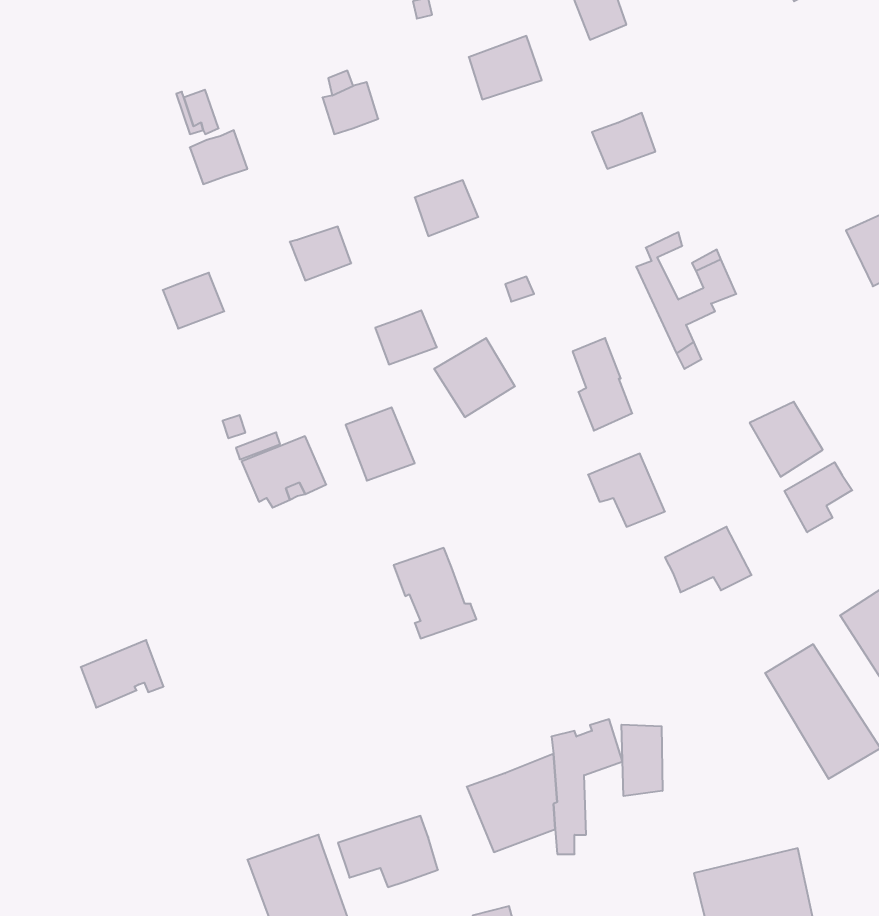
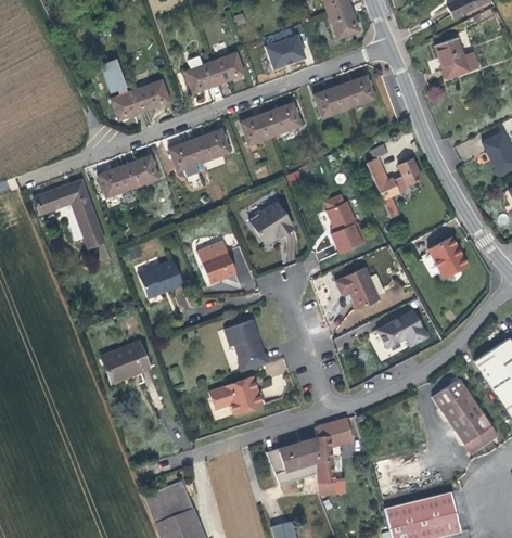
building: none -> [430,38,473,80]
building: none -> [210,50,243,80]
building: none -> [136,78,168,108]
building: none -> [311,88,346,119]
building: none -> [265,105,298,136]
building: none -> [121,157,156,189]
building: none -> [33,182,104,248]
building: [375,310,437,364] -> [194,131,229,162]
building: [784,462,852,532] -> none
building: [81,640,164,708] -> [101,340,148,377]
building: [622,725,662,796] -> none
building: [338,816,438,887] -> [206,376,263,417]

